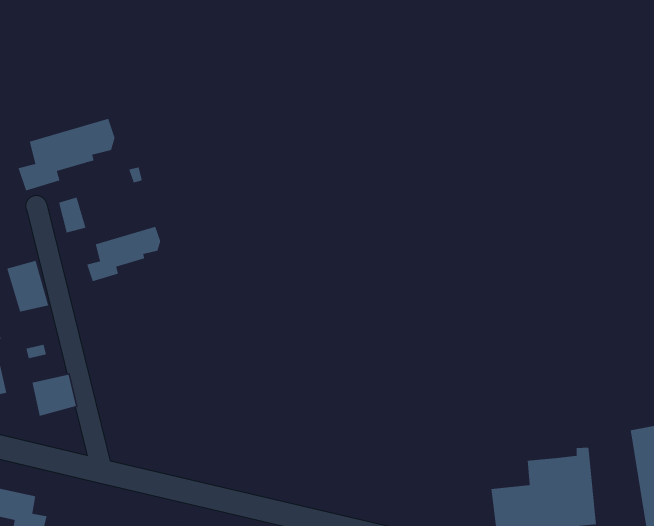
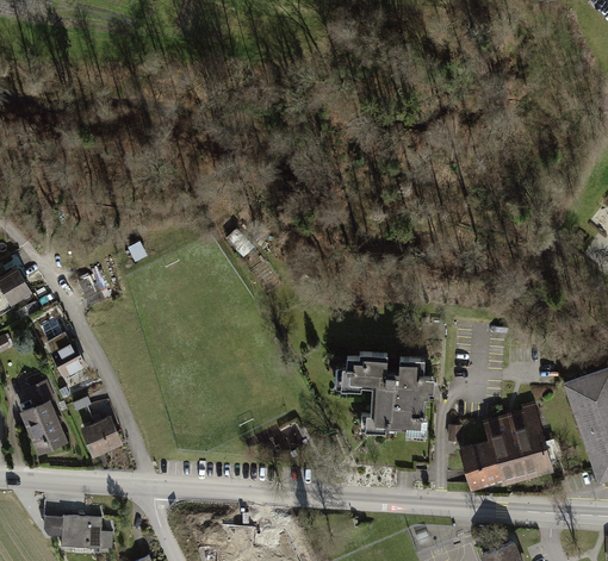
building: [18,118,116,191] -> none
building: [86,226,161,282] -> none
building: none -> [345,353,430,430]

